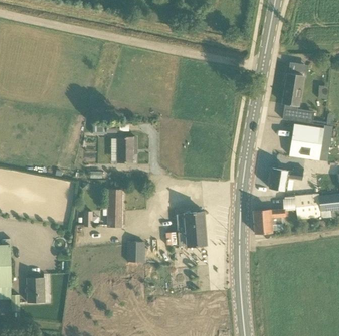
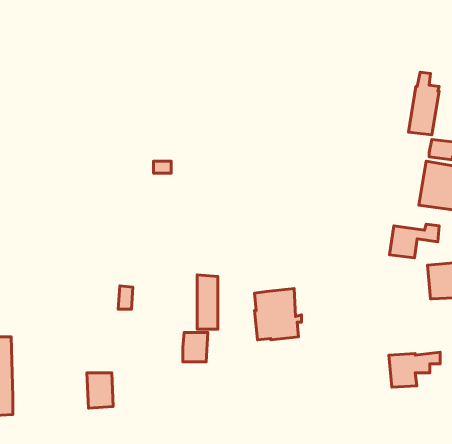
building: [118,137,136,162] -> none
building: [108,190,122,227] -> [197,275,218,329]
building: [253,209,288,233] -> [389,352,440,387]
building: [27,279,45,303] -> [87,373,113,408]

